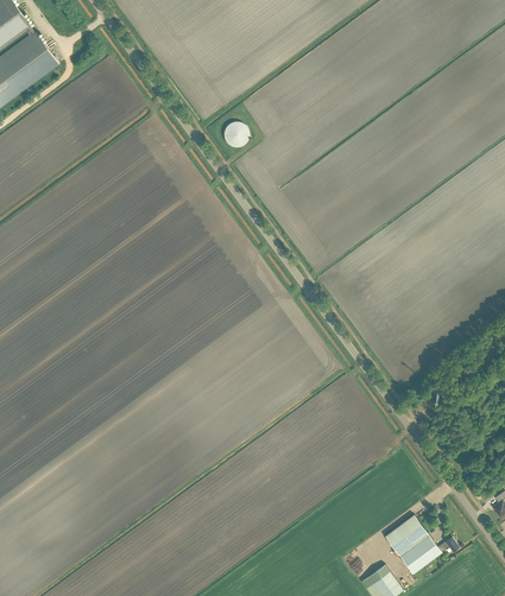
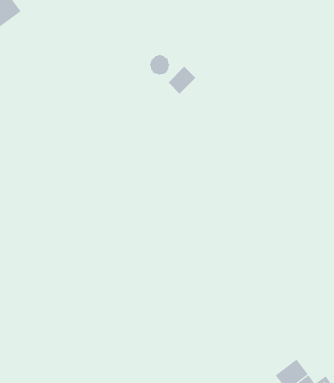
building: none -> [168,66,196,94]

